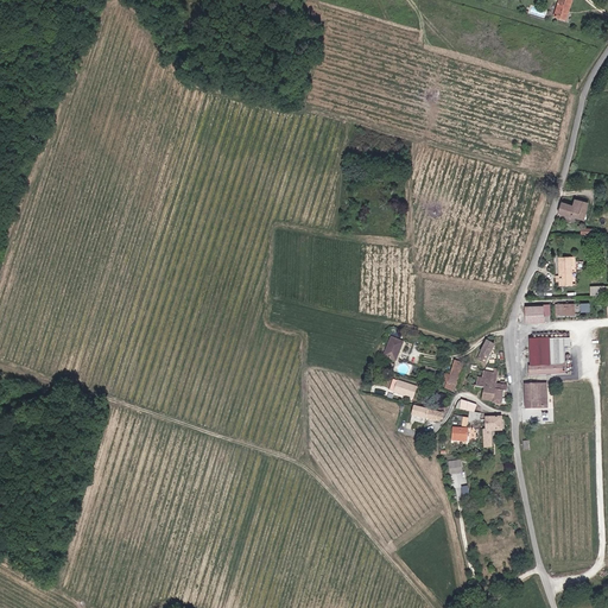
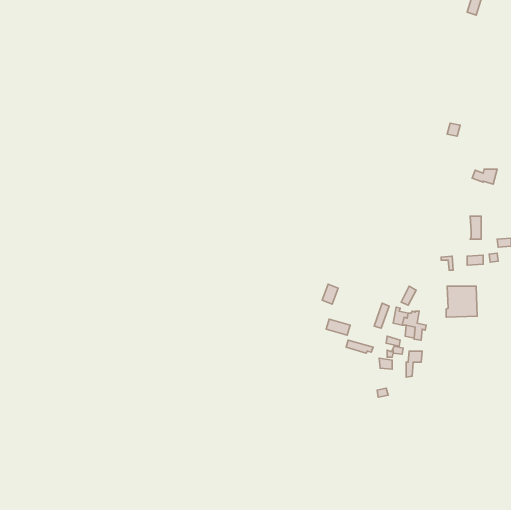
building: [524,384,545,407] -> none

